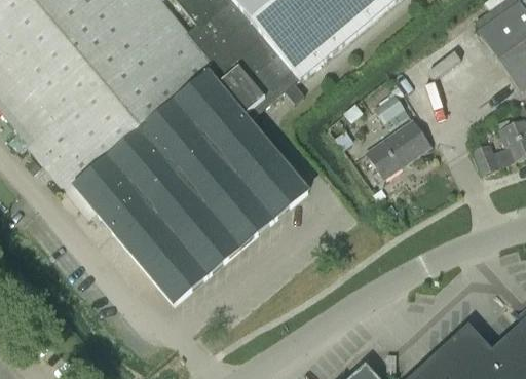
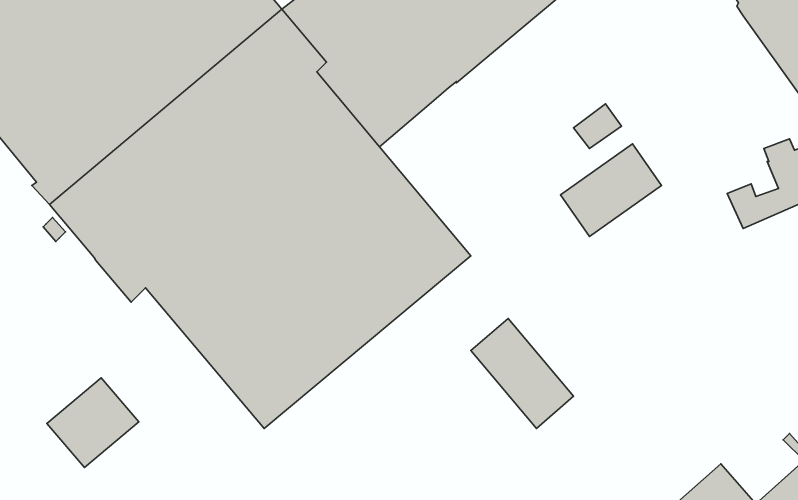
building: none -> [471,318,573,428]
building: none -> [47,378,139,468]

